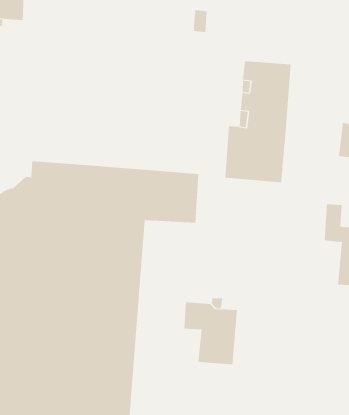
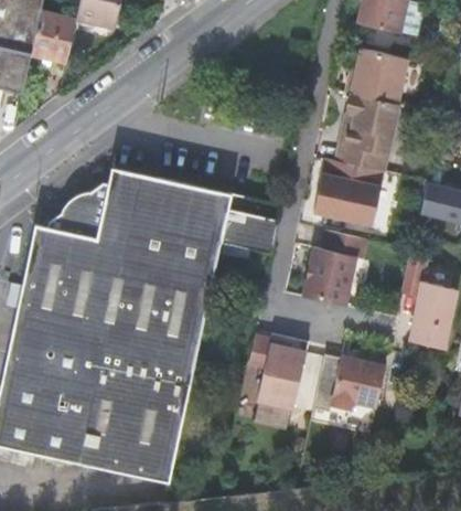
building: none -> [343,45,412,107]
building: none -> [297,232,362,307]
building: none -> [310,356,384,414]

